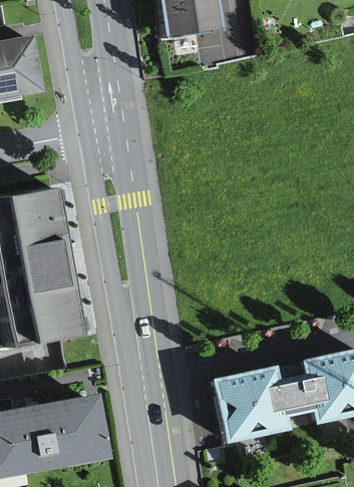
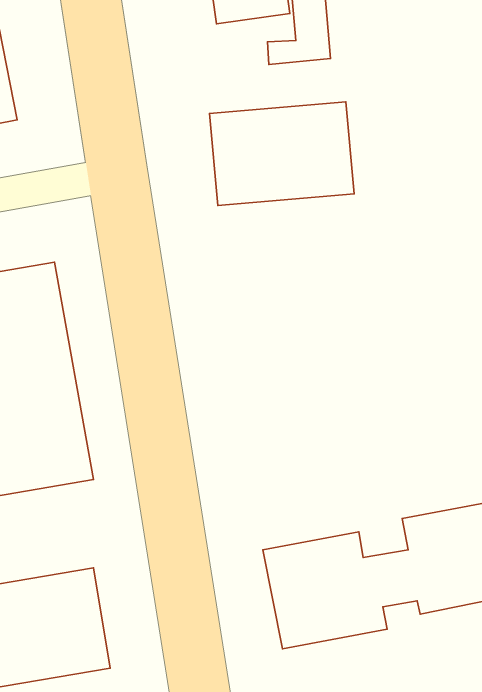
building: none -> [210,102,354,206]

